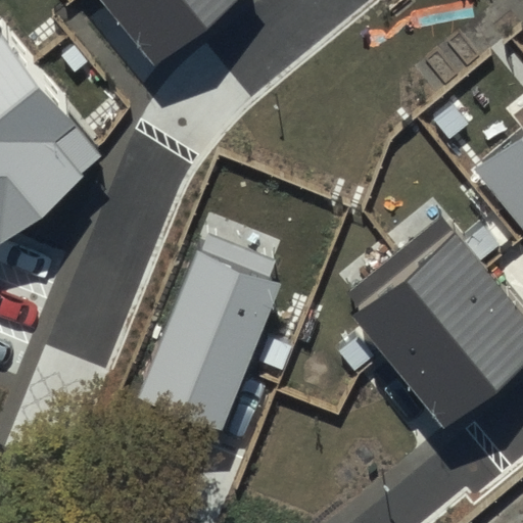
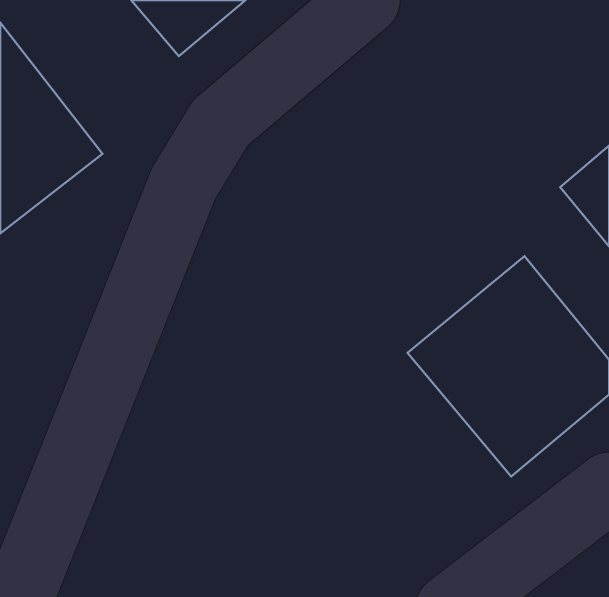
building: [139,258,283,434] -> none

